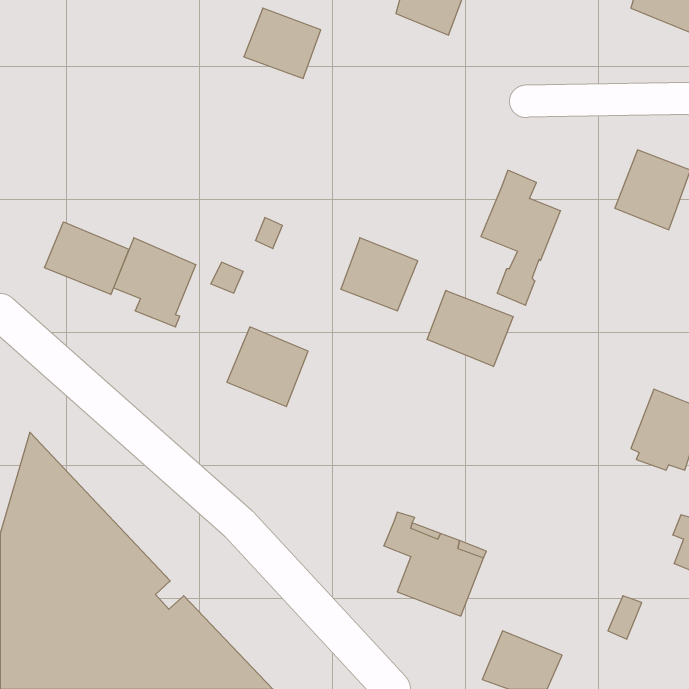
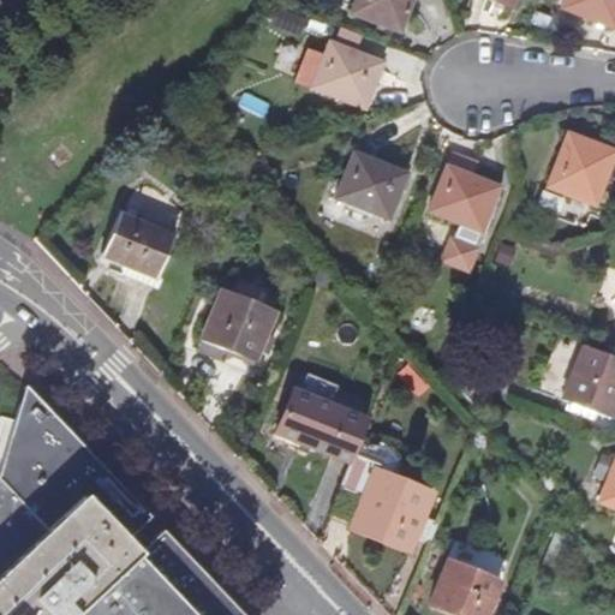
building: [244,8,321,78] -> [314,44,382,107]
building: [45,222,129,295] -> none
building: [341,238,418,311] -> [338,154,406,219]
building: [427,290,513,367] -> none
building: none -> [276,390,369,462]

